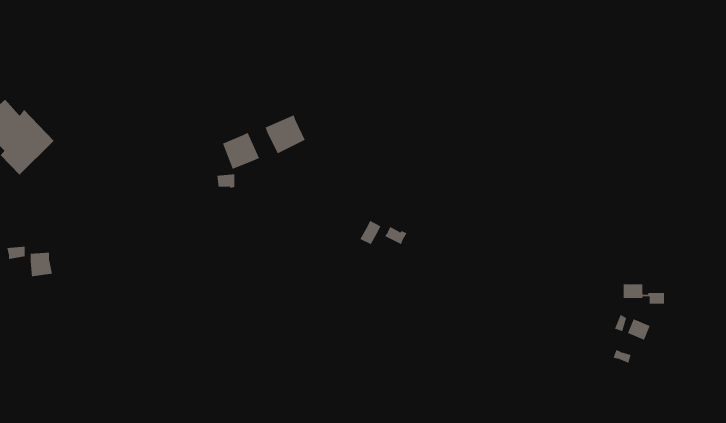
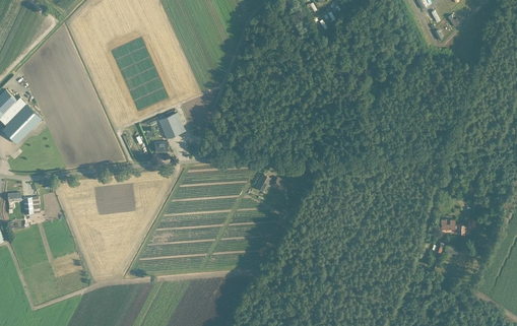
building: [265,114,305,154] -> none

